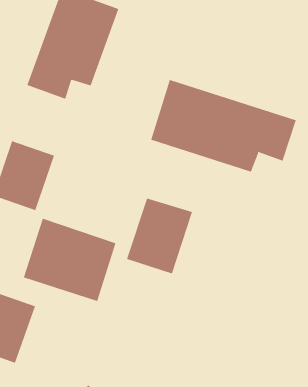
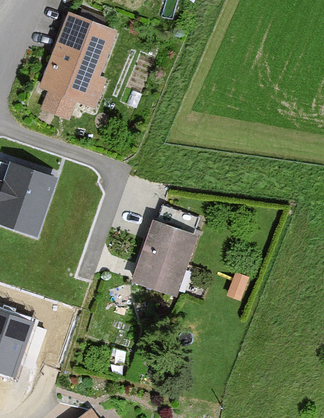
building: [150,79,296,172] -> none
building: [23,218,116,302] -> none

